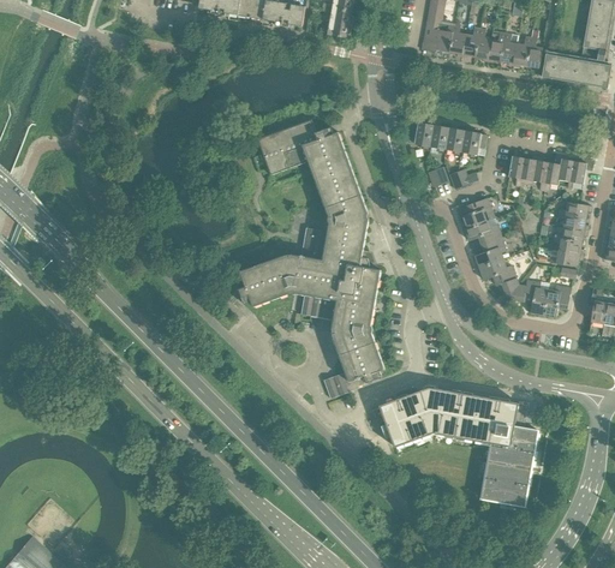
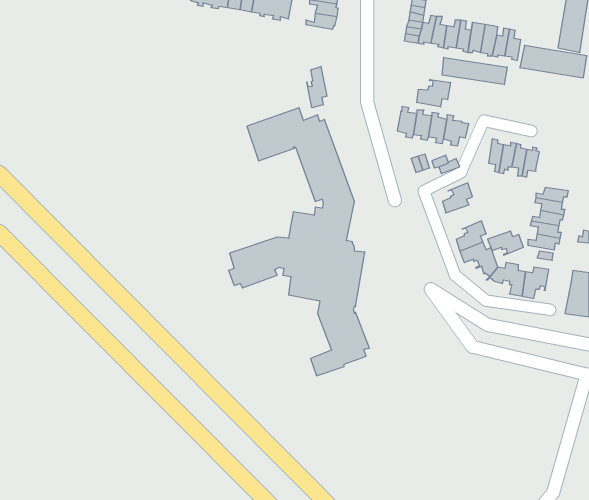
building: none -> [442,57,507,85]
building: none -> [307,66,327,108]
building: none -> [417,79,450,107]
building: [554,154,593,190] -> none
building: [464,220,501,245] -> [488,231,523,255]
building: [371,388,538,506] -> none

